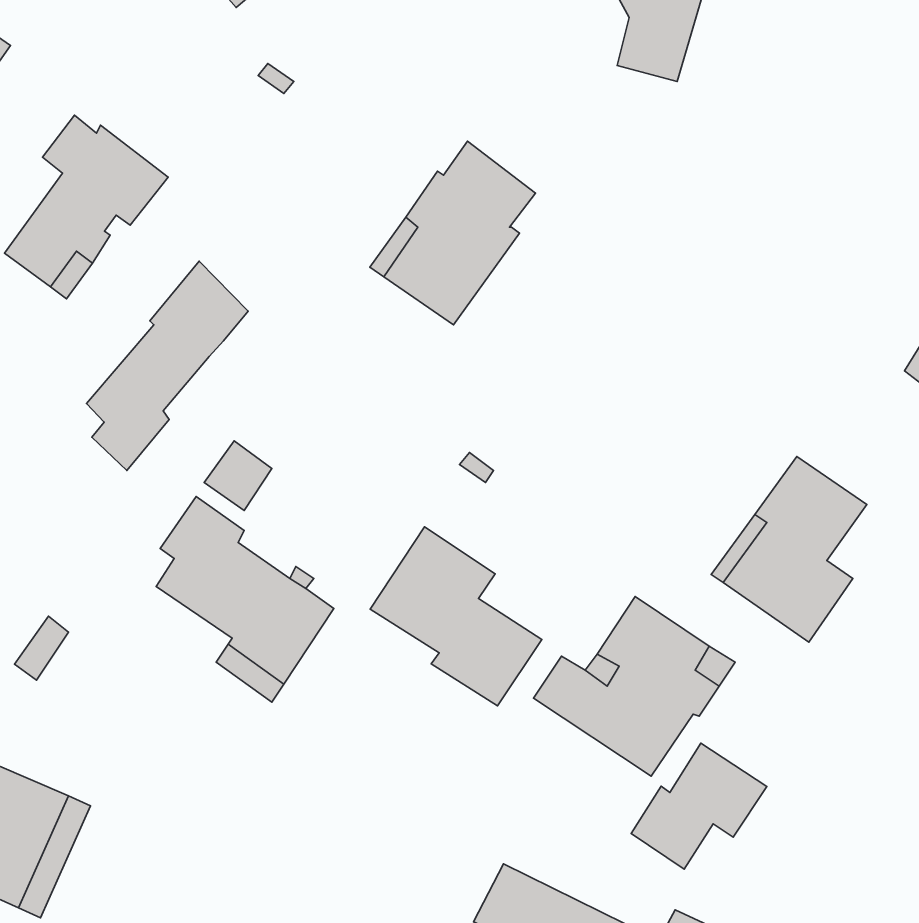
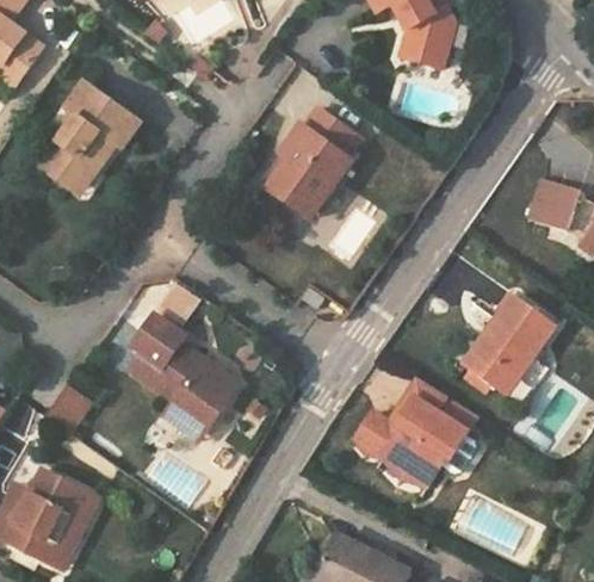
building: [87,261,248,470] -> none
building: none -> [528,177,577,229]
building: [370,527,542,706] -> none
building: [631,743,767,869] -> none

